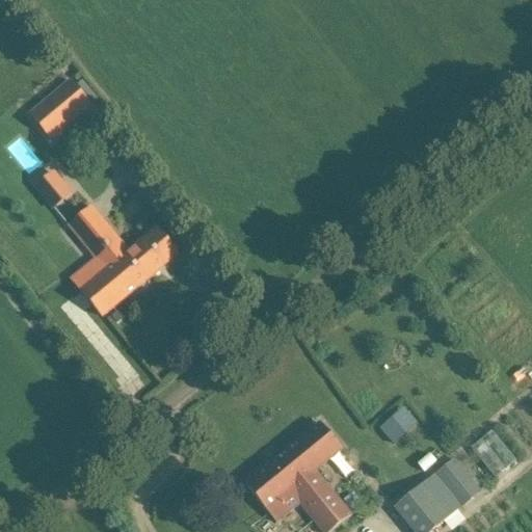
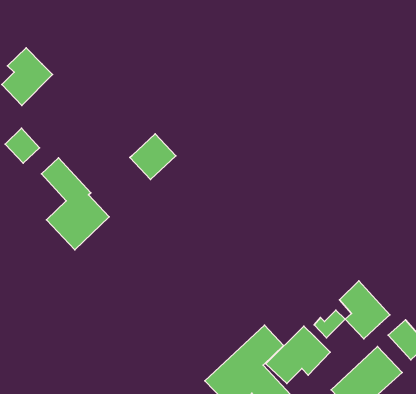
building: [124,225,179,280] -> [130,134,176,179]
building: none -> [339,281,390,339]
building: none -> [266,326,330,383]

